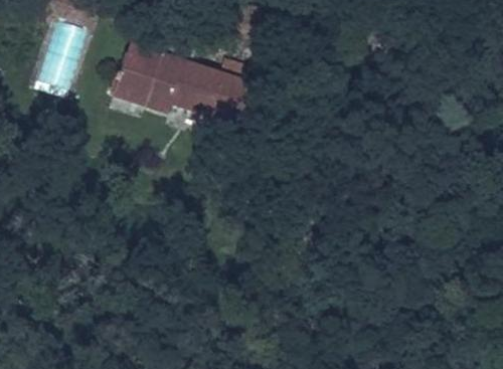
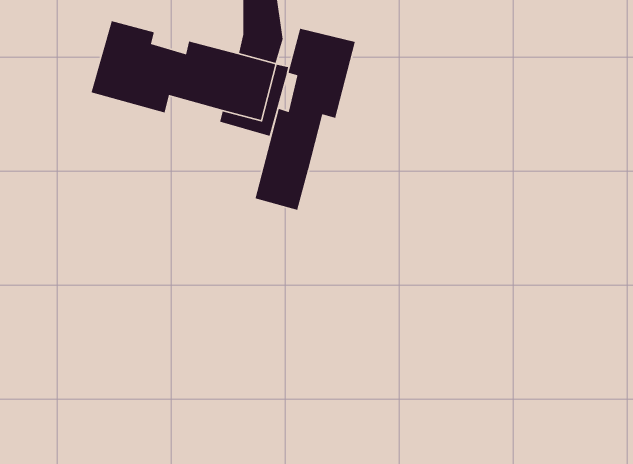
building: none -> [254,28,356,211]

